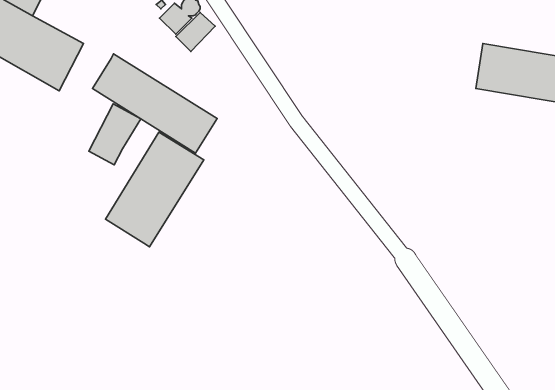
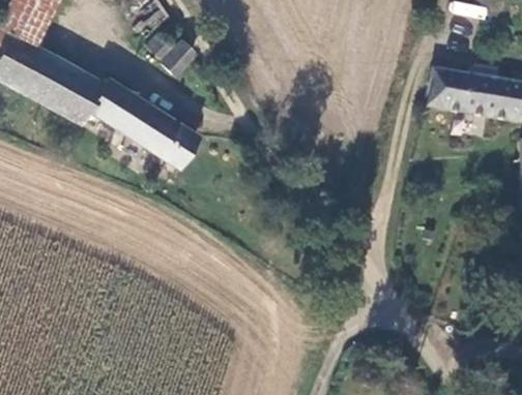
building: [89,104,141,165] -> [58,69,105,124]
building: [106,132,204,247] -> none

